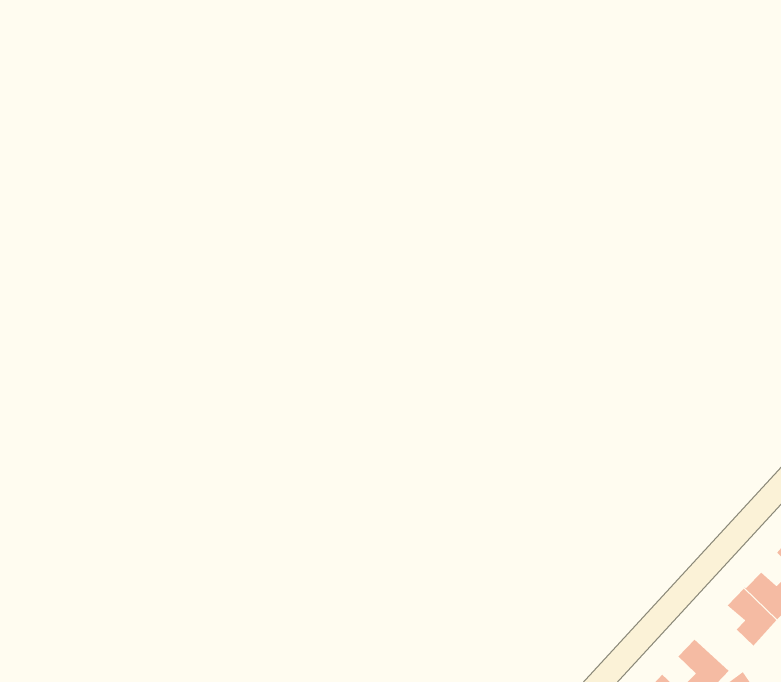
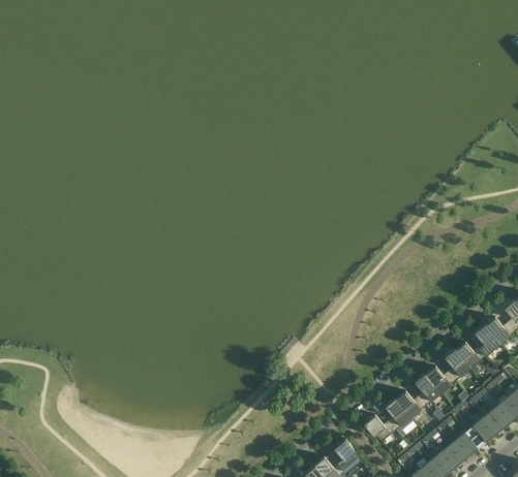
building: none -> [394,390,425,417]

